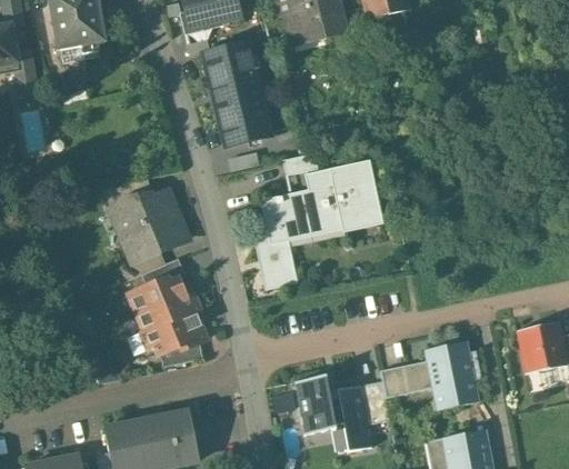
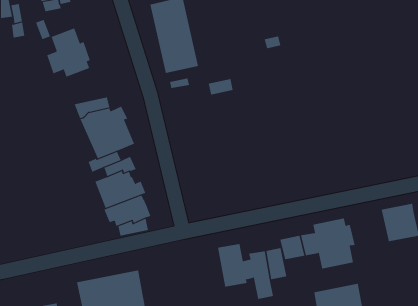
building: none -> [47,28,90,78]
building: [253,163,379,287] -> none

